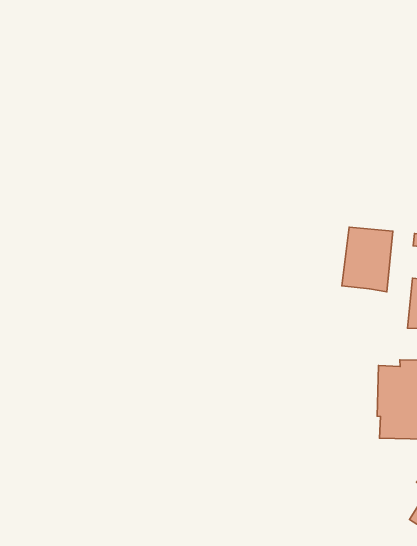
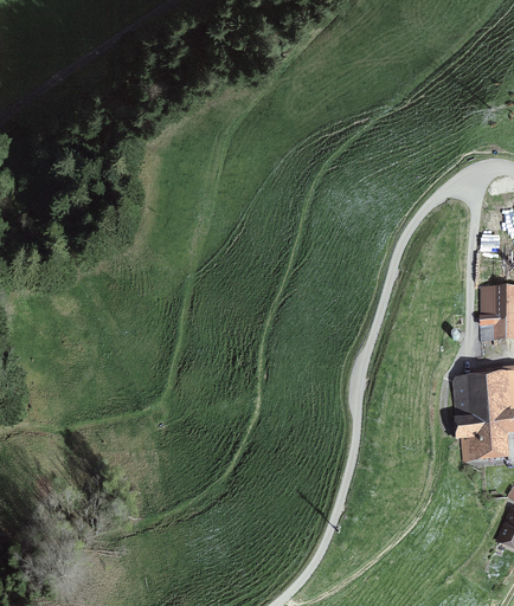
building: [342,227,393,292] -> none

